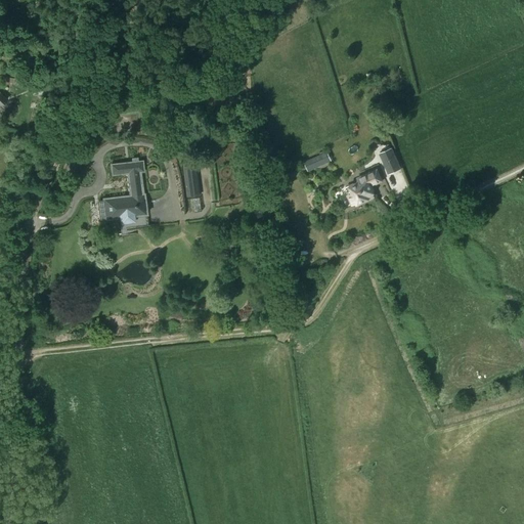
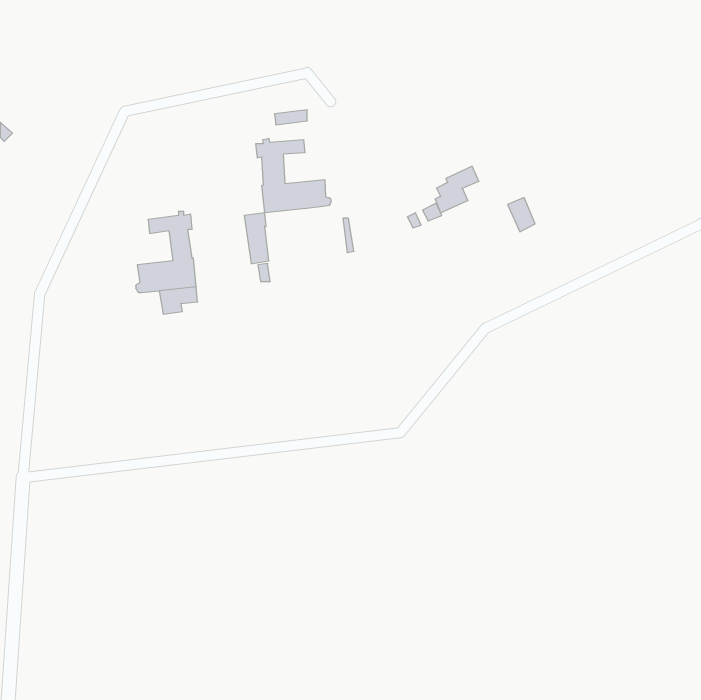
building: none -> [256,138,331,213]
building: [348,169,381,204] -> [435,166,479,213]

